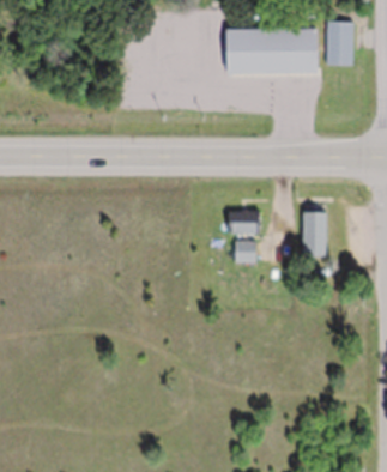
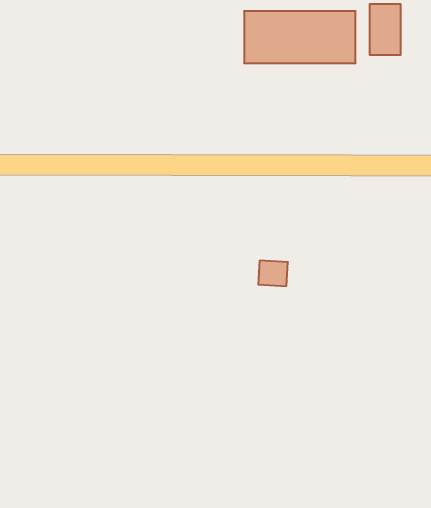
building: [225,211,262,234] -> none
building: [301,212,325,258] -> none

